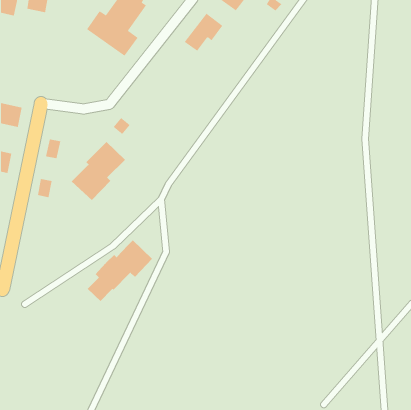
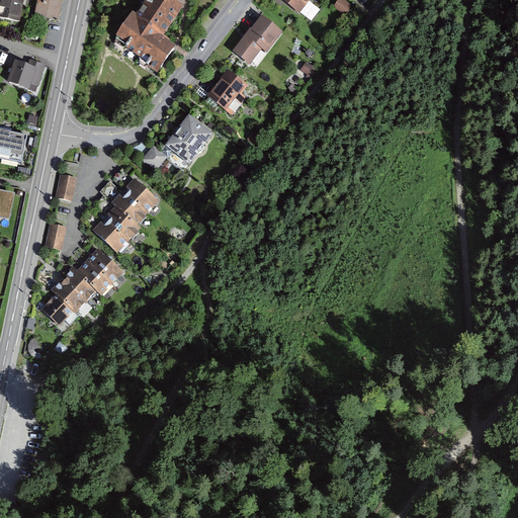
building: none -> [9,60,50,88]
building: none -> [206,69,245,109]
building: none -> [163,114,212,164]
building: [87,240,153,302] -> [39,247,122,325]

